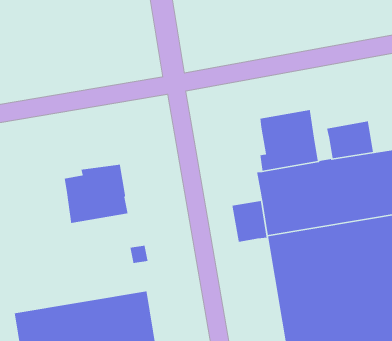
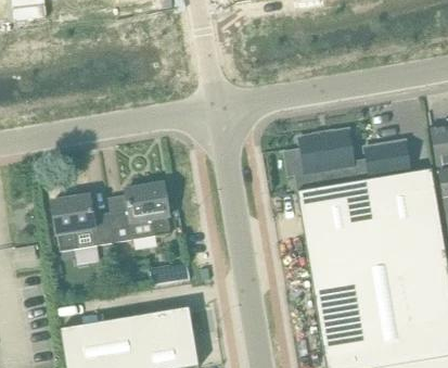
building: none -> [51,194,115,251]
building: [231,200,267,243] -> none

